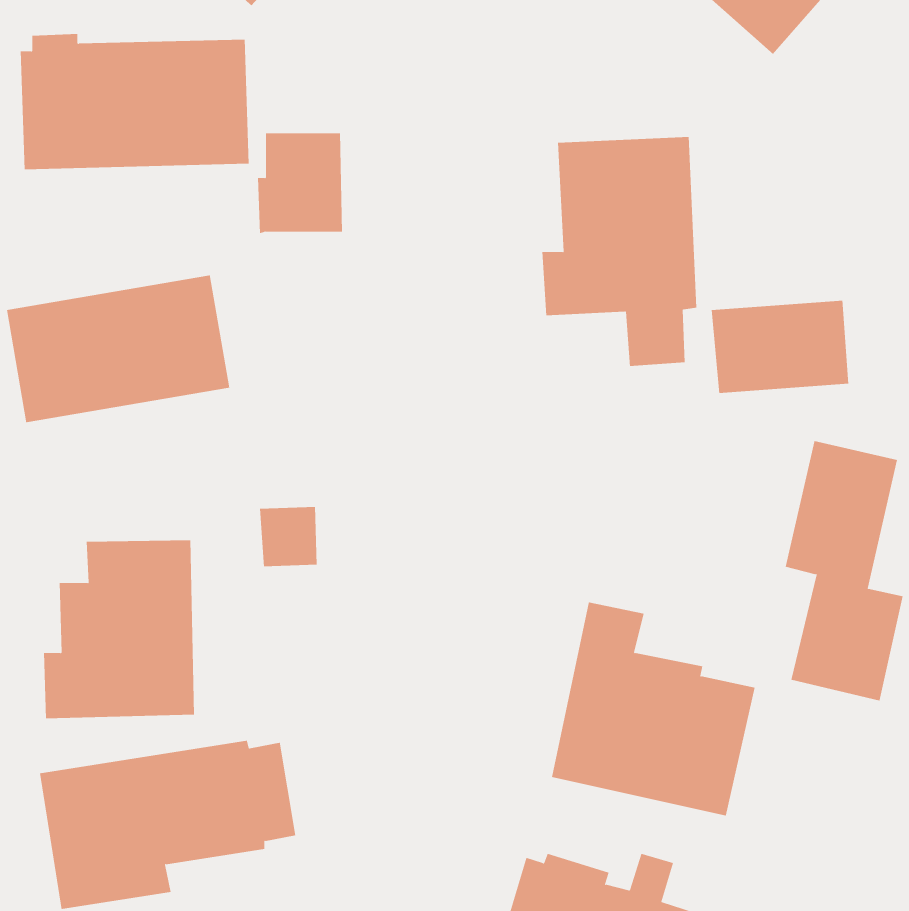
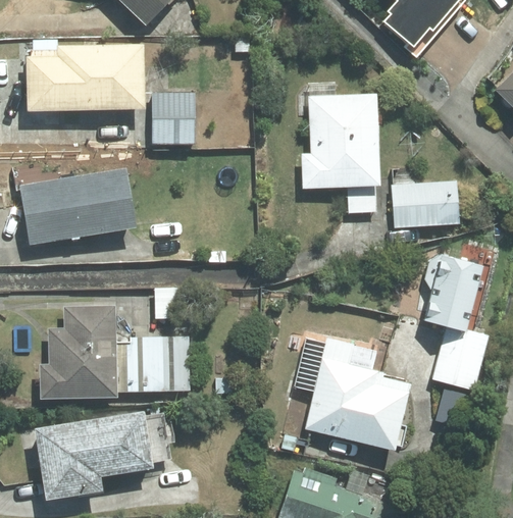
building: none -> [121,335,189,393]

